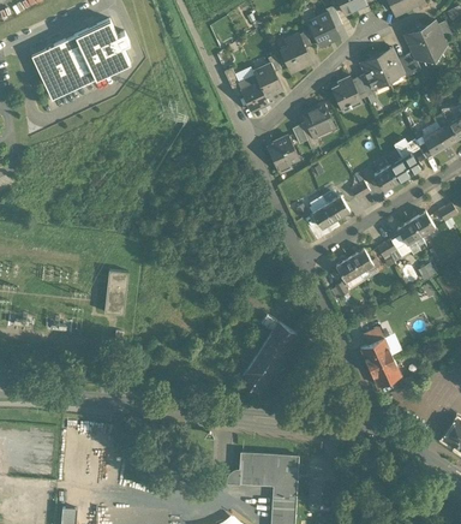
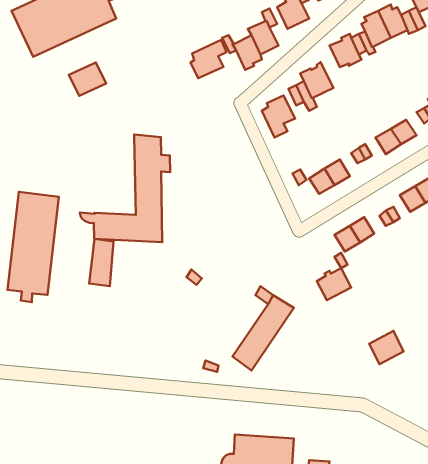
building: none -> [191,40,227,78]
building: none -> [69,62,106,96]
building: none -> [80,135,170,242]
building: none -> [8,192,59,302]
building: [358,338,390,368] -> [317,268,351,300]

